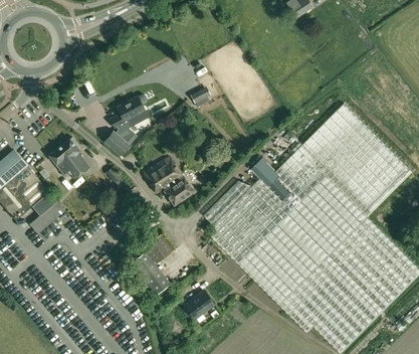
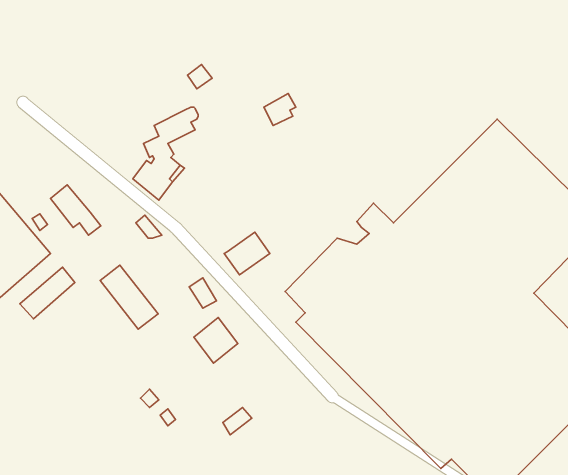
building: [60,137,89,173] -> none
building: [143,155,184,193] -> none
building: [132,251,170,294] -> [100,265,158,329]
building: [185,290,214,318] -> none

